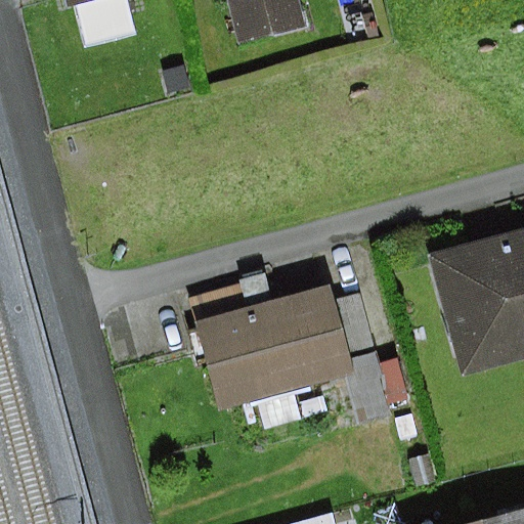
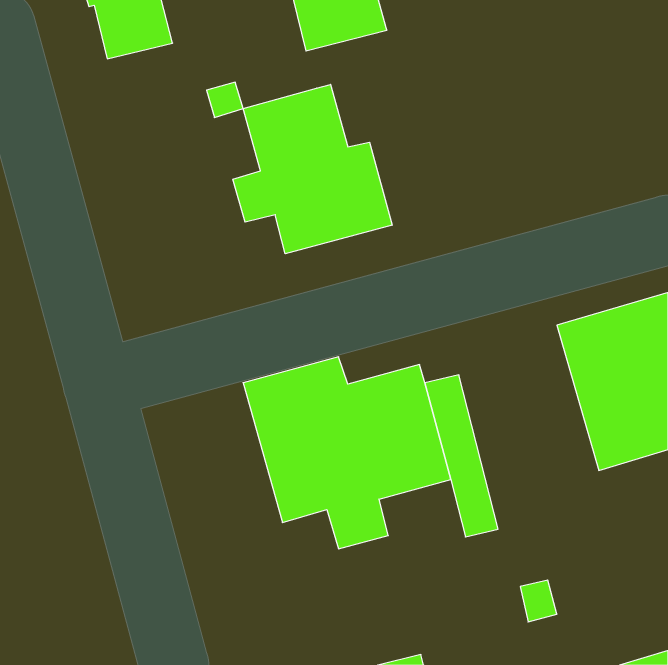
building: none -> [233,84,392,254]

